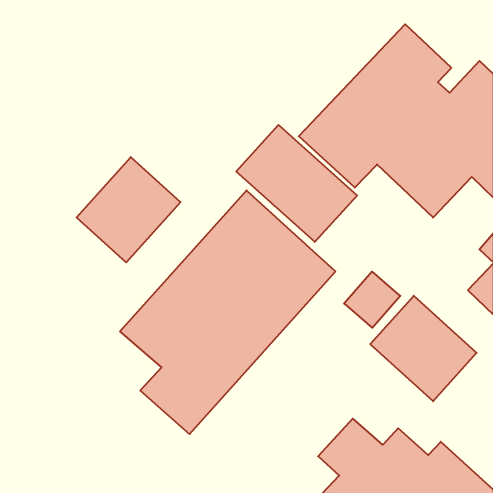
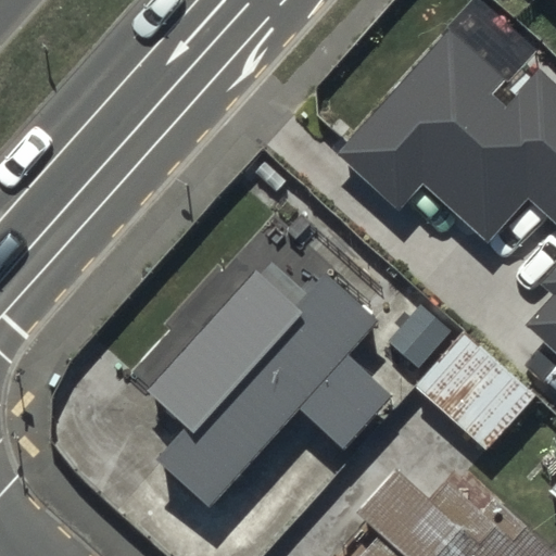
building: [236,125,357,242] -> none
building: [77,157,180,262] -> none

